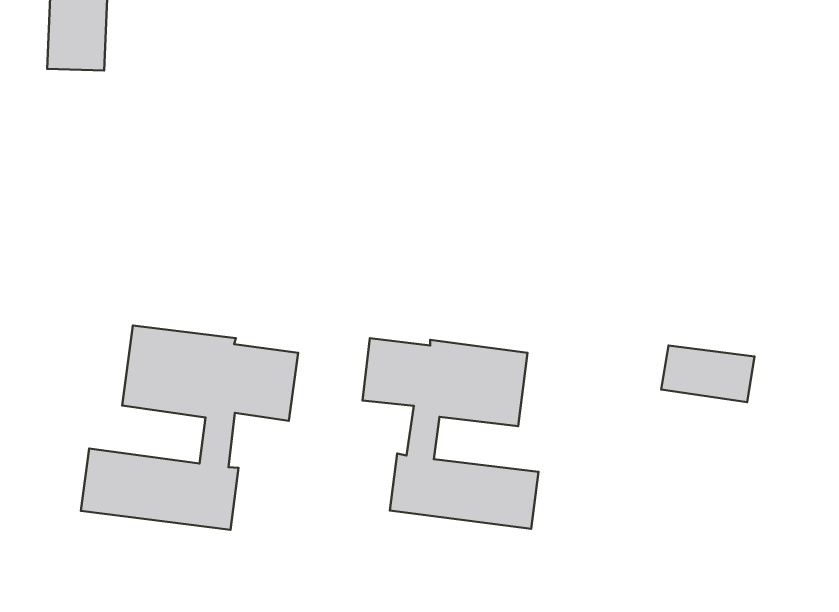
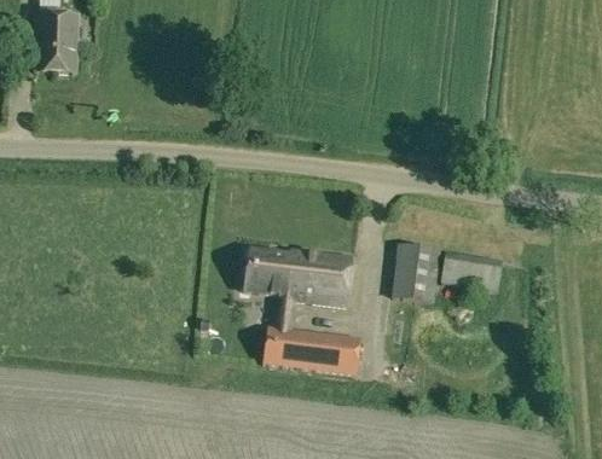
building: [81,325,298,530] -> none
building: none -> [390,242,440,302]

